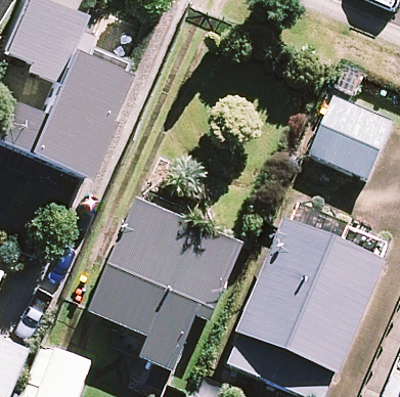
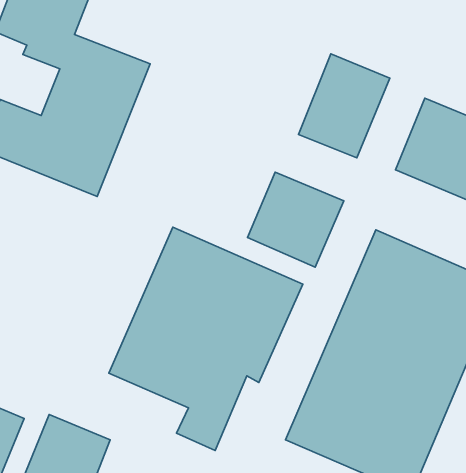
building: none -> [299,54,390,158]
building: none -> [248,172,344,267]

